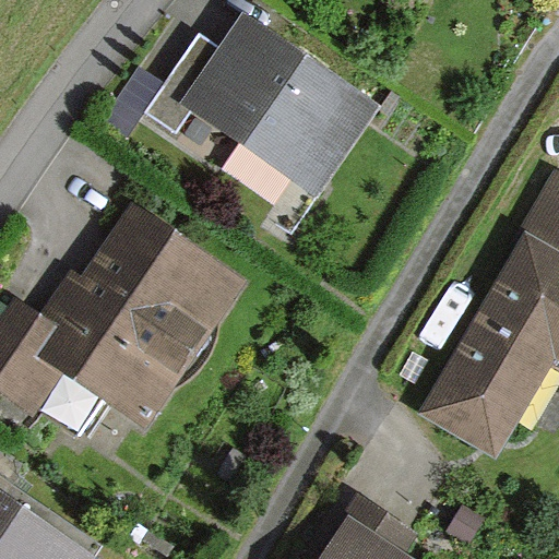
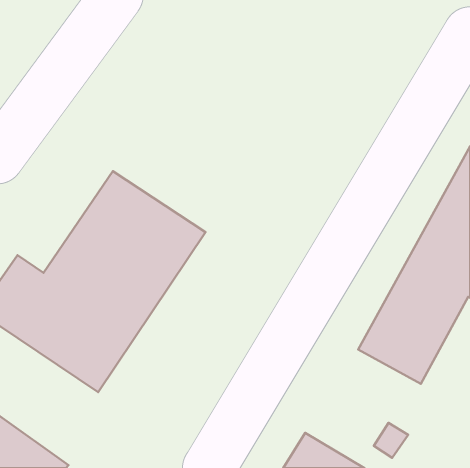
building: [151,16,385,197] -> none

